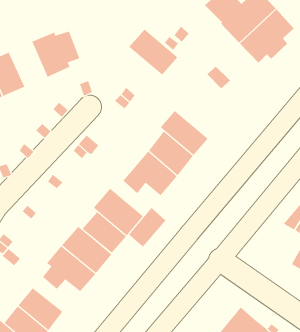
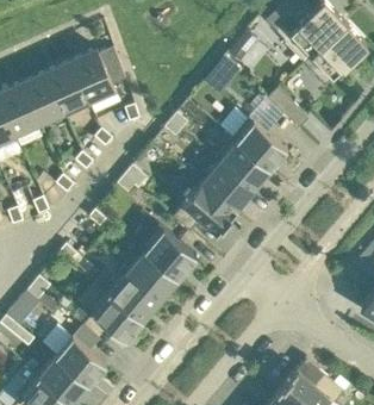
building: [128,29,178,76] -> [231,119,287,172]
building: none -> [45,62,88,113]
building: [128,207,166,247] -> none

